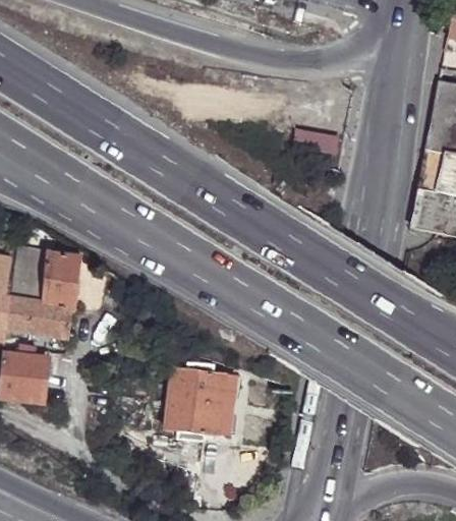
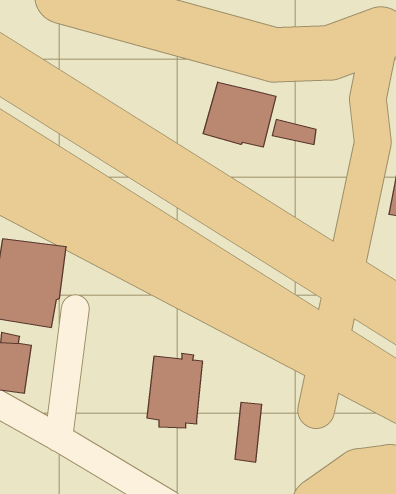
building: none -> [203,82,276,147]
building: [216,375,243,437] -> [235,402,262,462]

